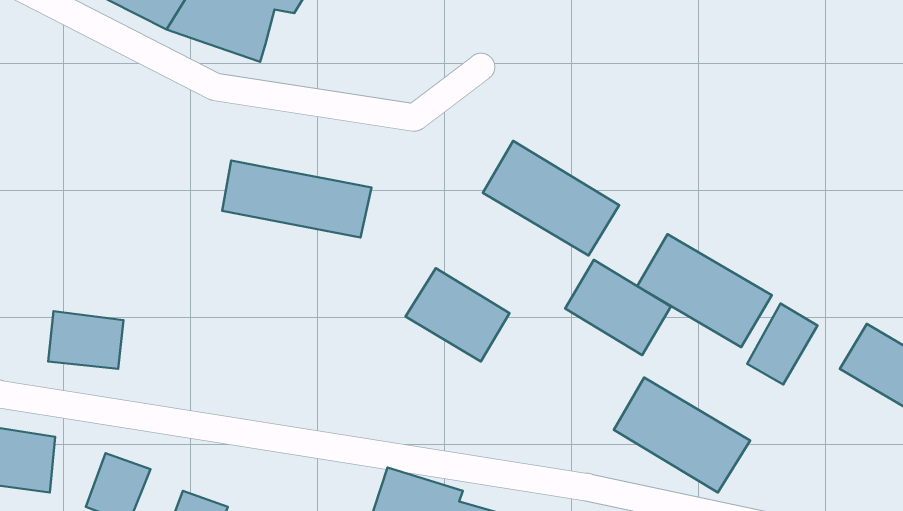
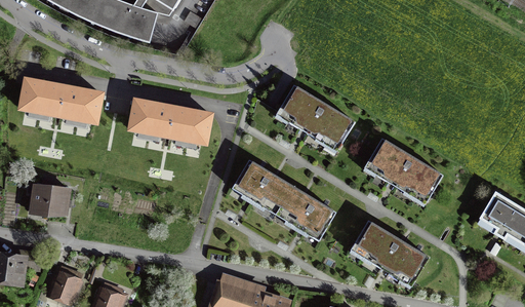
building: none -> [17,78,104,122]
building: [565,260,671,355] -> [275,186,335,240]
building: [747,304,818,384] -> none

